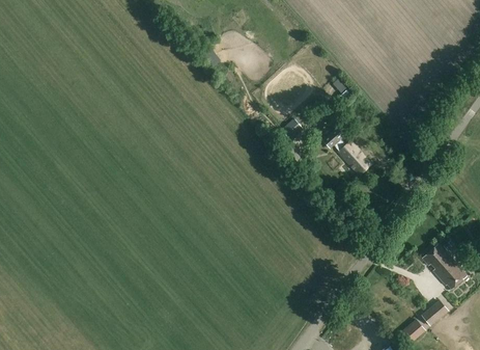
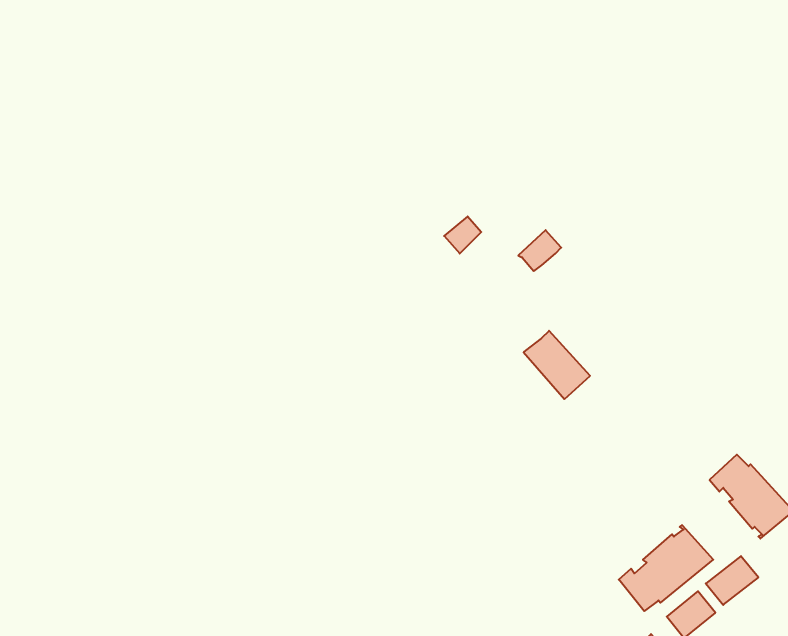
building: [337,140,372,177] -> [524,331,590,399]
building: none -> [619,525,713,611]

